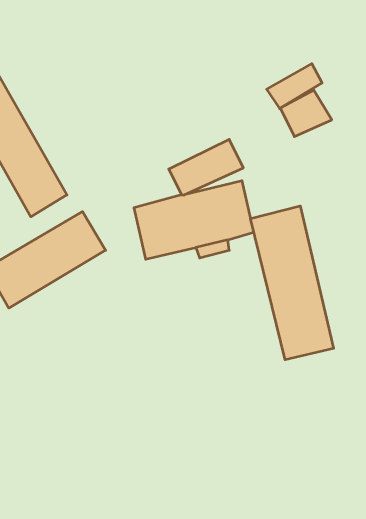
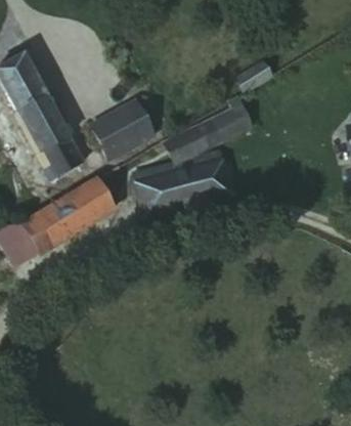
building: [280,90,332,137] -> [212,103,253,140]
building: none -> [90,95,156,159]
building: [251,206,334,360] -> none

